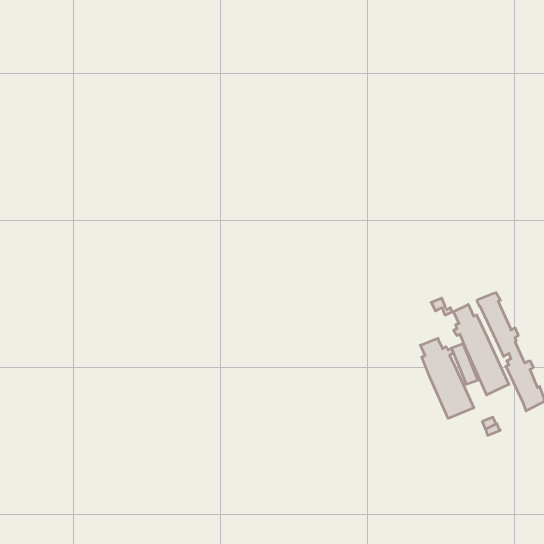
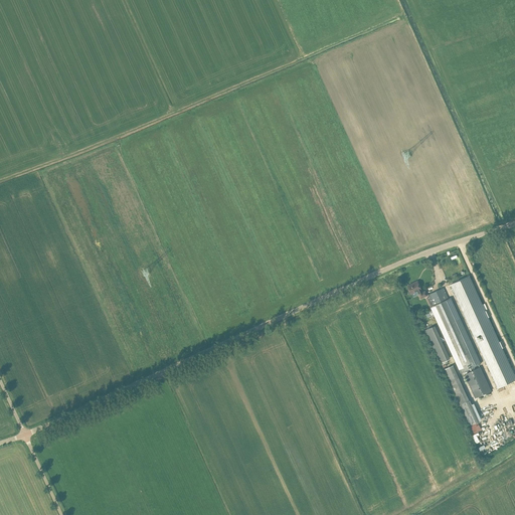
building: [420,338,474,418] -> none
building: none -> [464,366,491,398]

